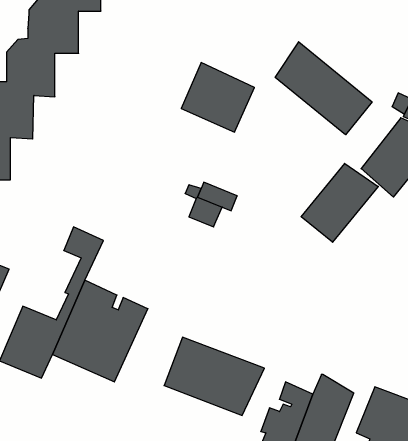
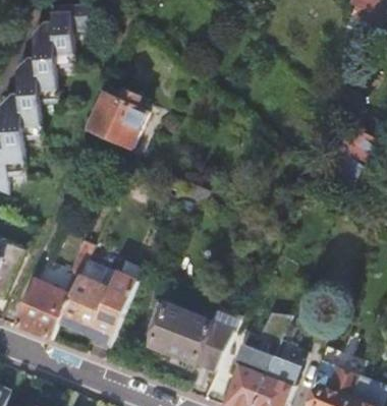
building: [275,42,372,135] -> none
building: [181,63,254,132] -> [87,92,147,149]
building: [301,163,378,242] -> none

